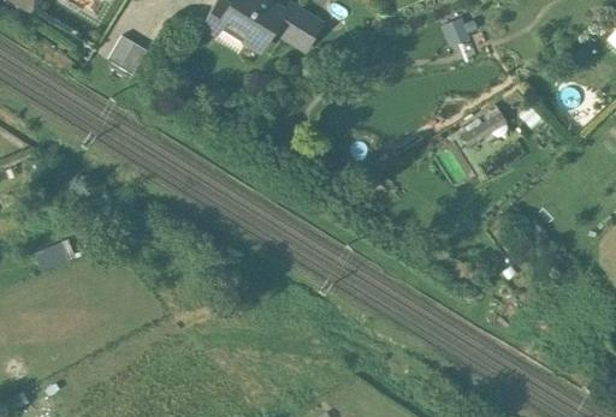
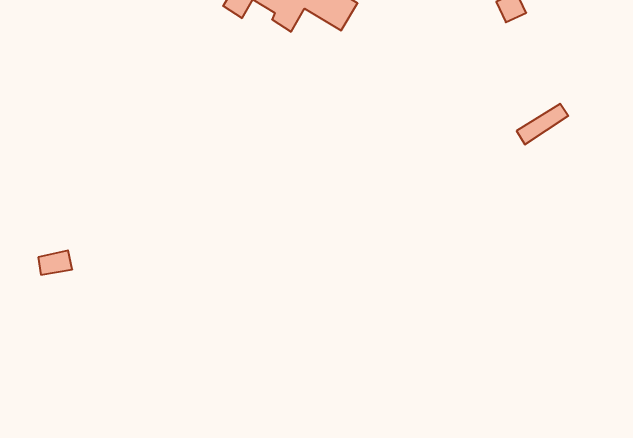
building: [109,34,148,72] -> none

